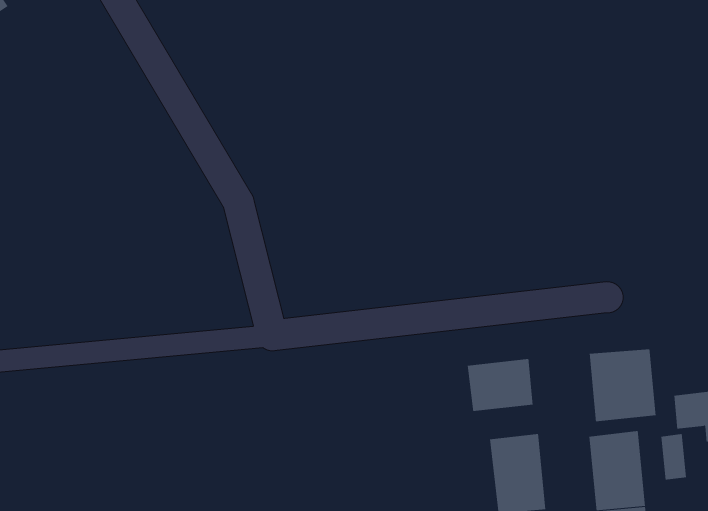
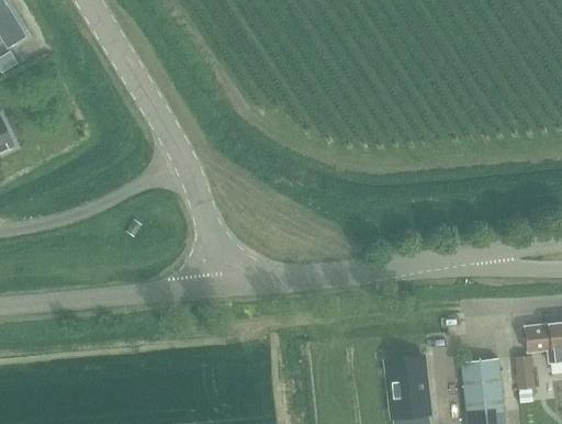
building: [589,348,656,422] -> none
building: [467,358,533,412] -> none

